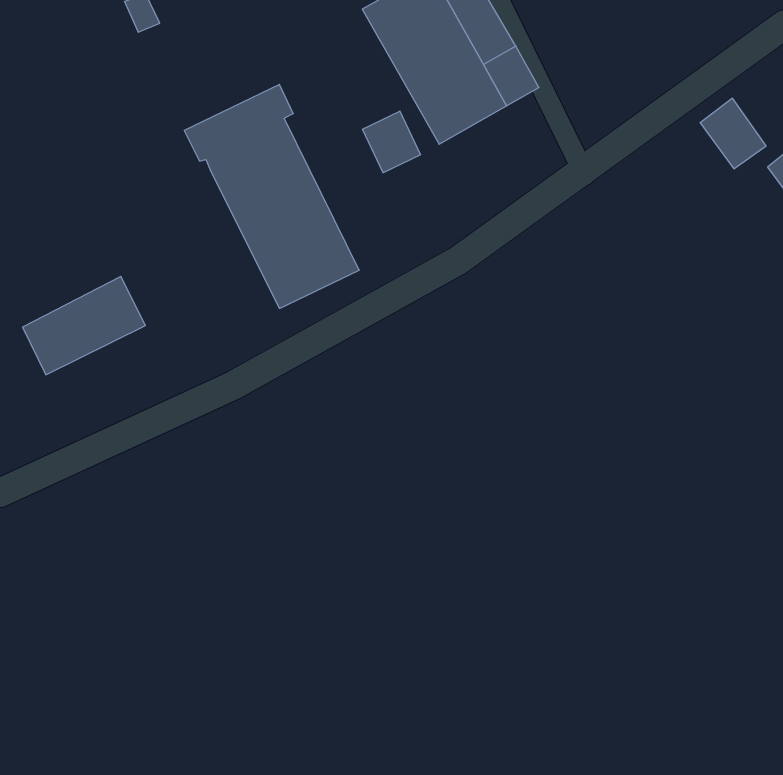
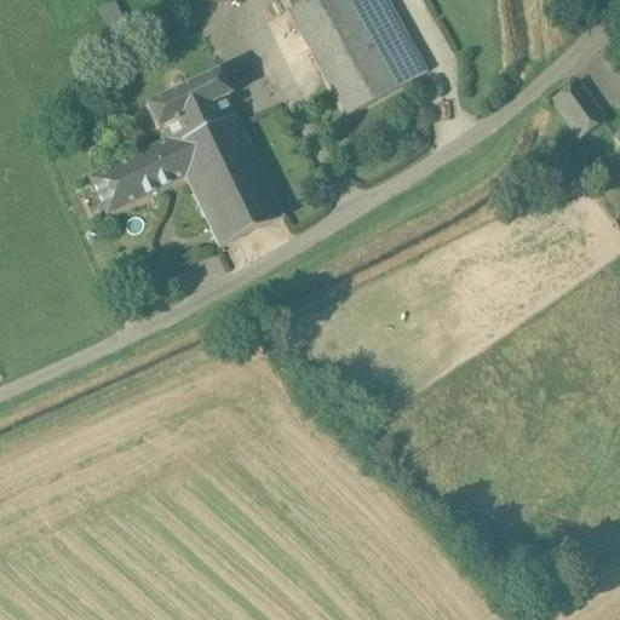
building: [362,111,421,173] -> none
building: [23,276,145,375] -> [90,134,186,212]

